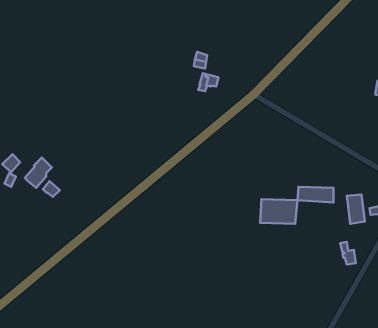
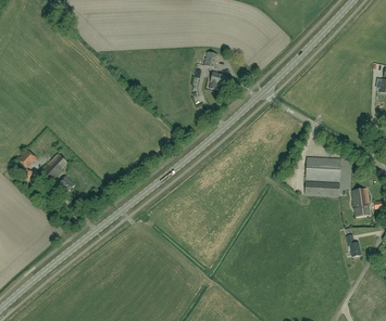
building: [260,199,297,224] -> [306,157,341,181]

